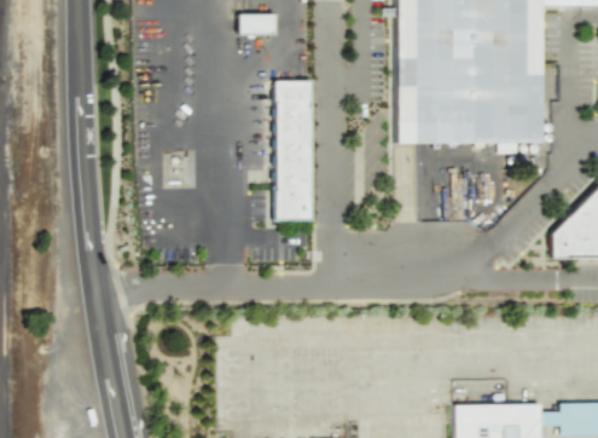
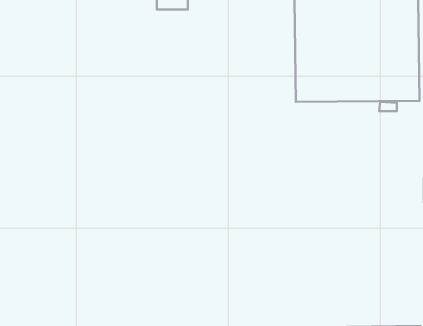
building: [271,81,308,223] -> none

